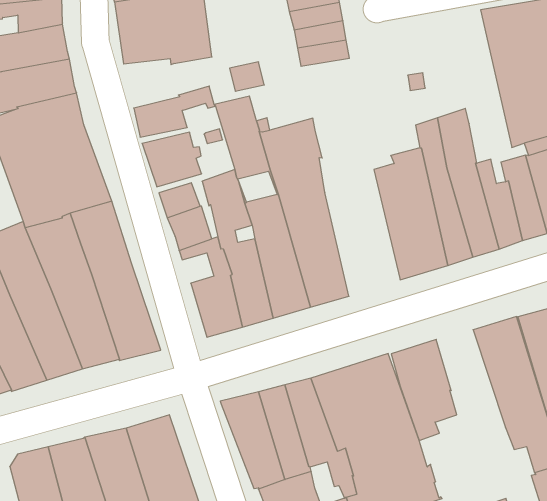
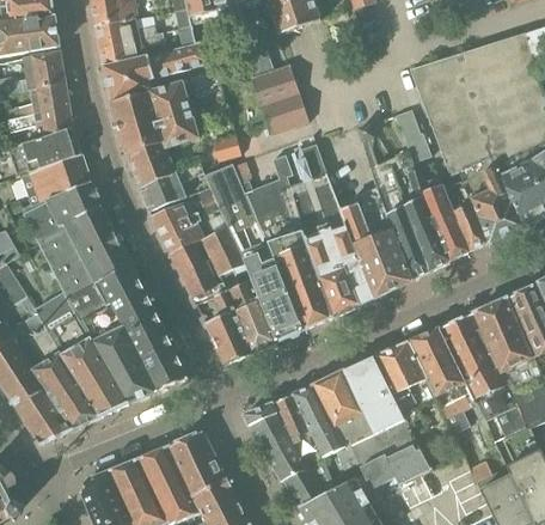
building: none -> [127,142,176,187]
building: none -> [394,109,431,161]
building: none -> [289,144,374,315]
building: none -> [410,328,476,433]

